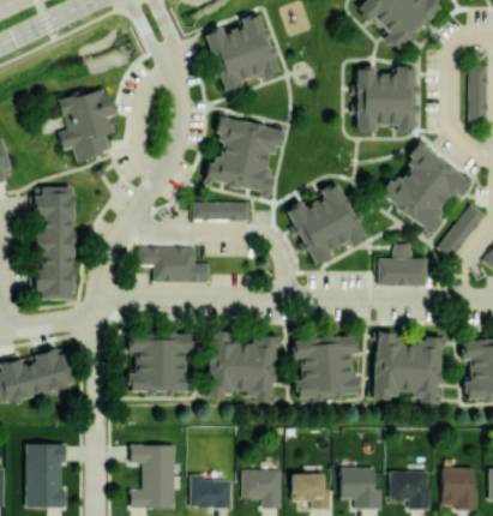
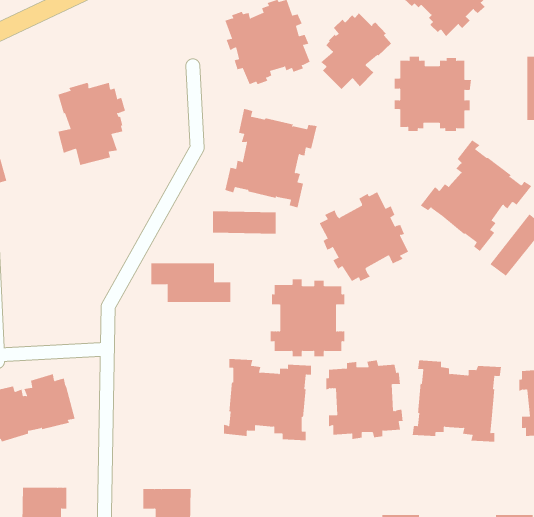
building: none -> [320,12,392,90]
building: [31,186,77,299] -> none
building: [378,242,427,286] -> none
building: [127,328,193,396] -> [270,279,345,357]

